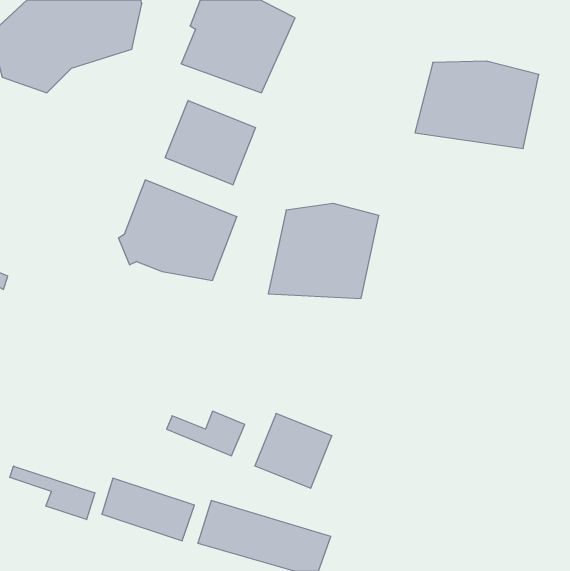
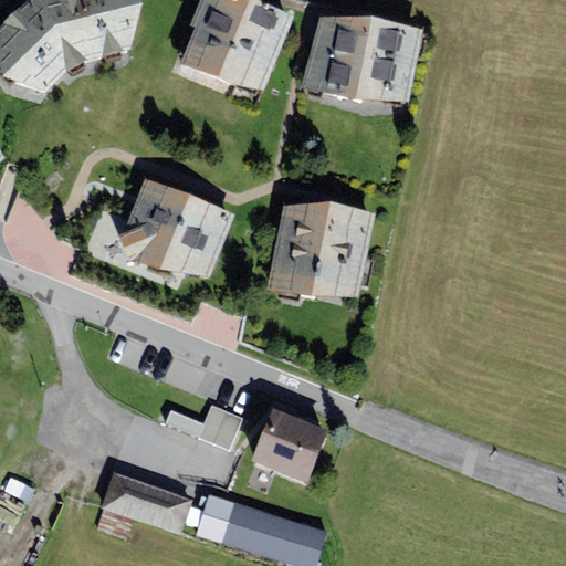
building: [415,61,539,148] -> [300,17,422,103]
building: [165,100,256,185] -> none
building: [10,466,95,520] -> none

